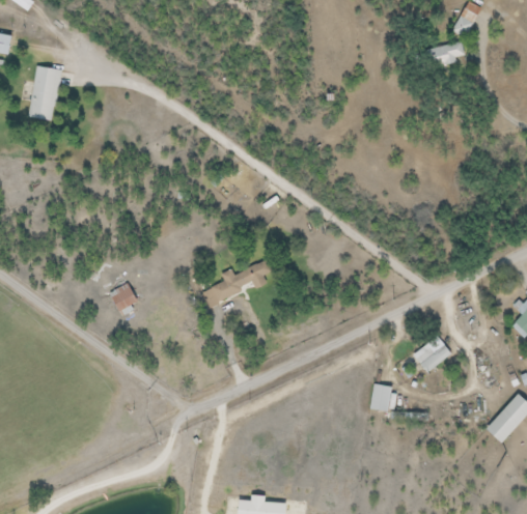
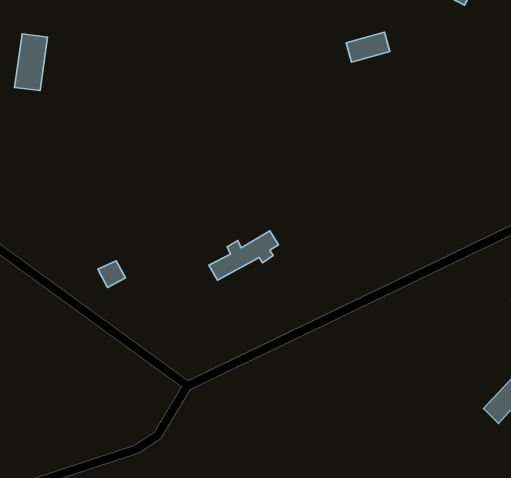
building: [423,39,466,68] -> [346,32,390,62]
building: [415,340,450,369] -> none
building: [368,382,392,412] -> none

